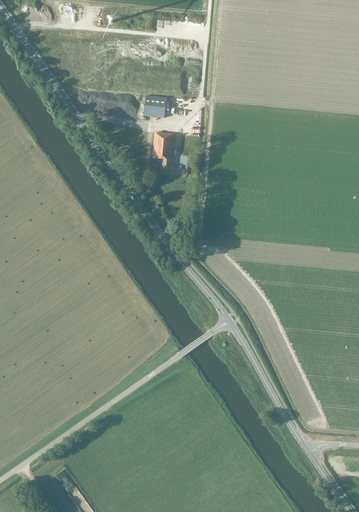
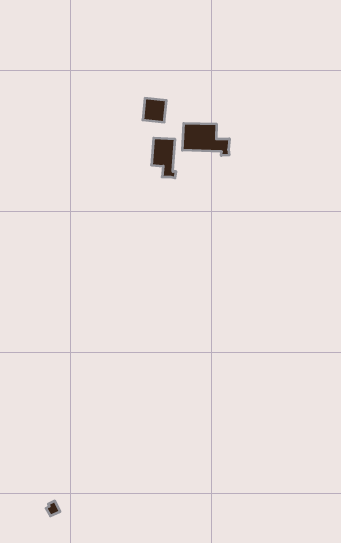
building: none -> [182,123,229,156]

